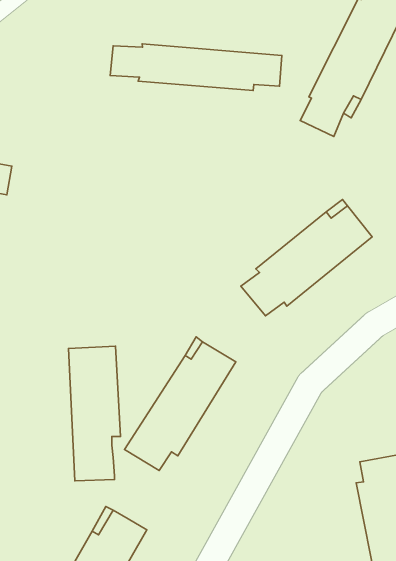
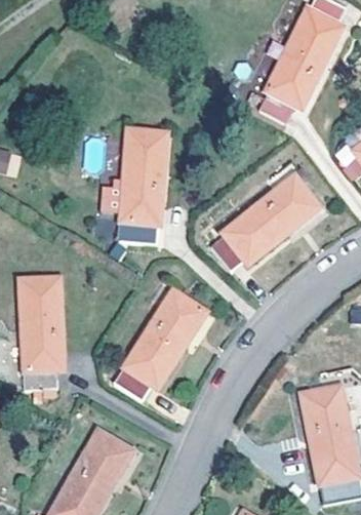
building: [110,44,282,91] -> none
building: none -> [101,129,167,242]
building: [69,346,121,481] -> [21,276,64,388]

